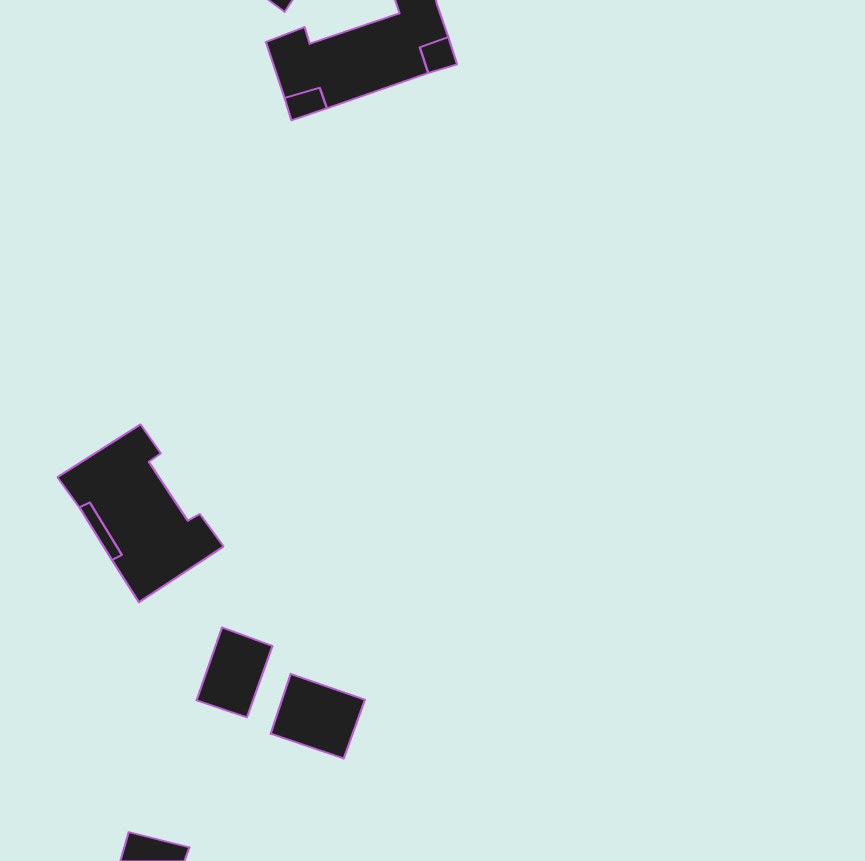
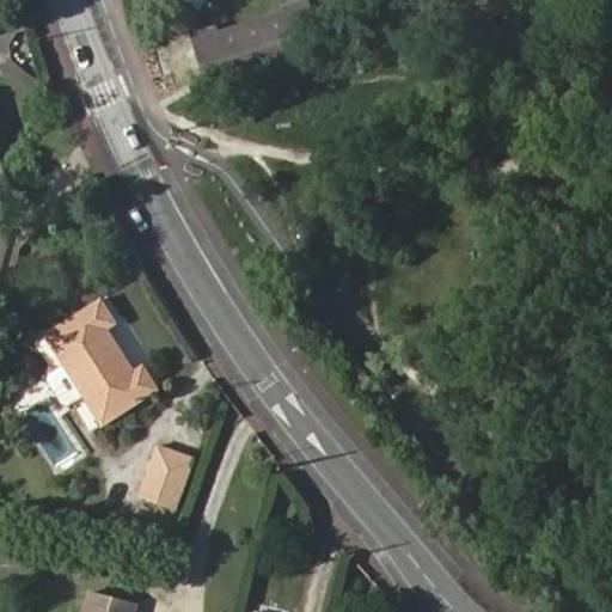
building: [271,674,365,759] -> none

